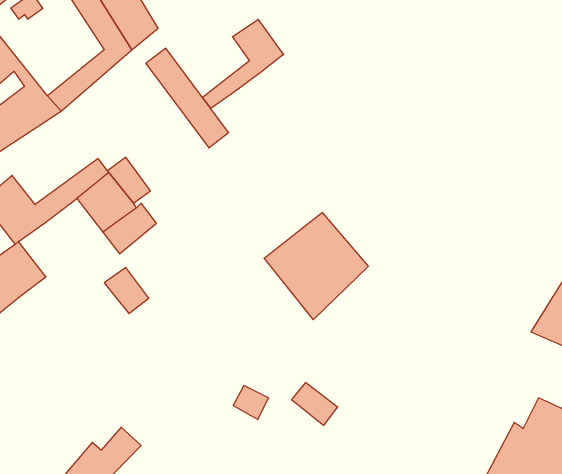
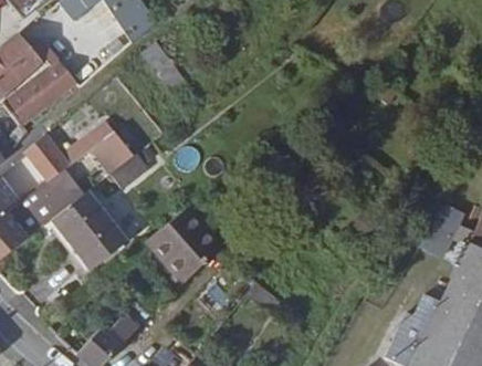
building: [202,19,284,108] -> none
building: [264,212,368,320] -> [146,208,221,285]
building: none -> [52,191,125,269]

